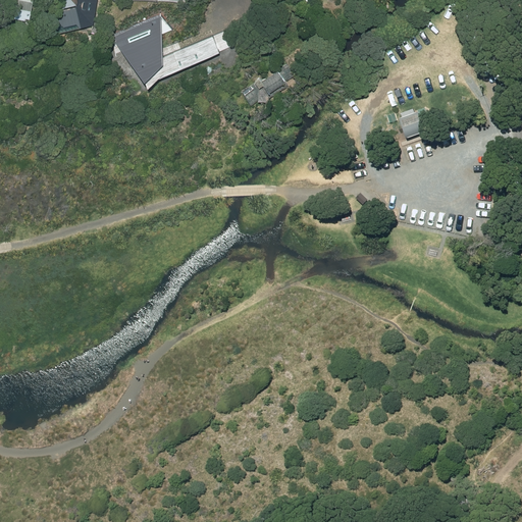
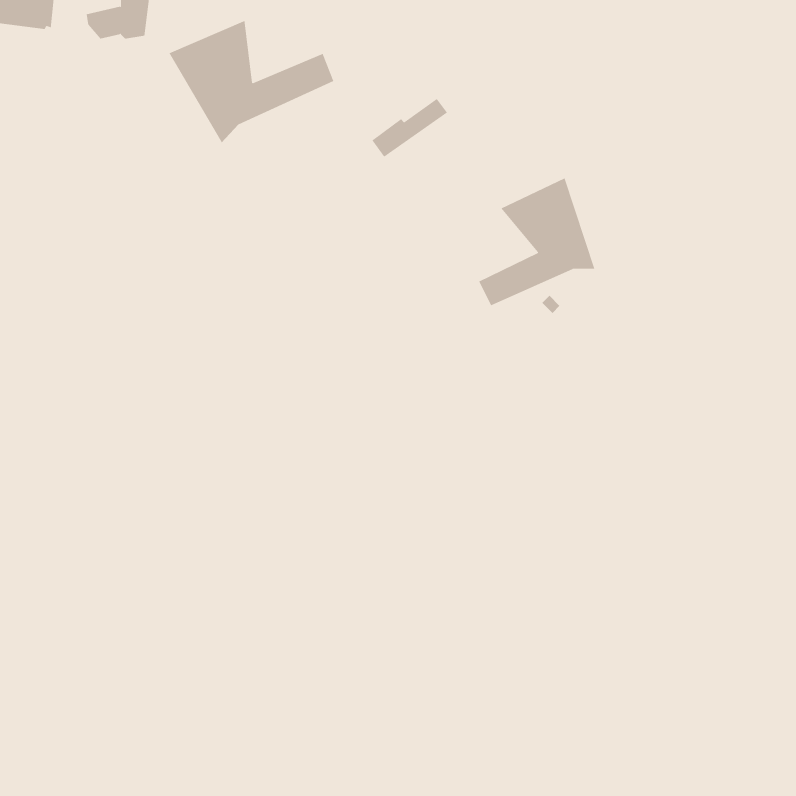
building: [398,112,423,139] -> none
building: none -> [478,177,595,306]

